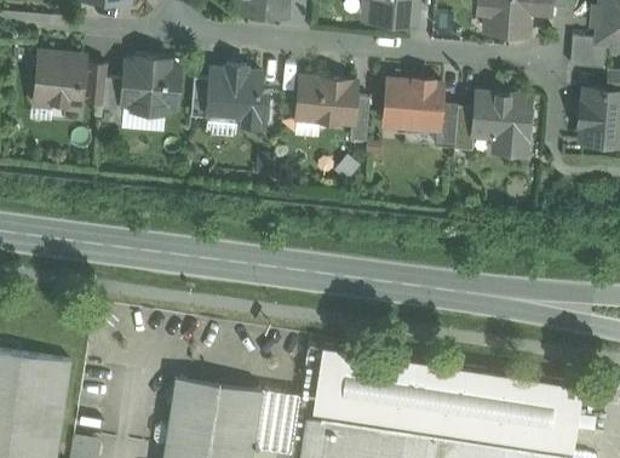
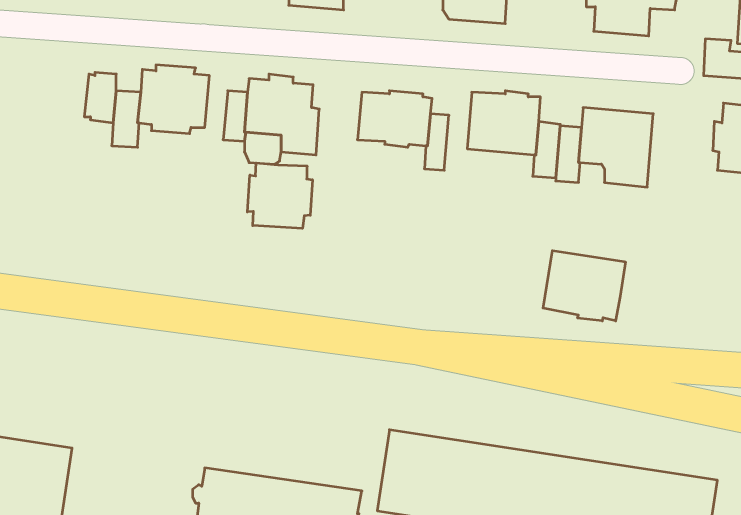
building: [35,56,84,105] -> none
building: none -> [247,163,312,228]
building: none -> [543,251,625,321]

